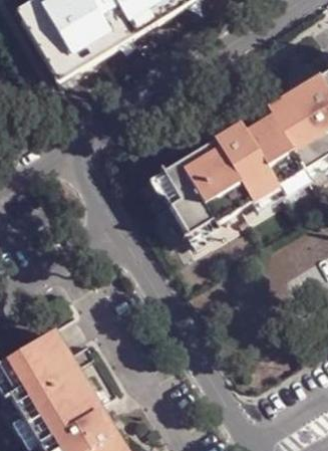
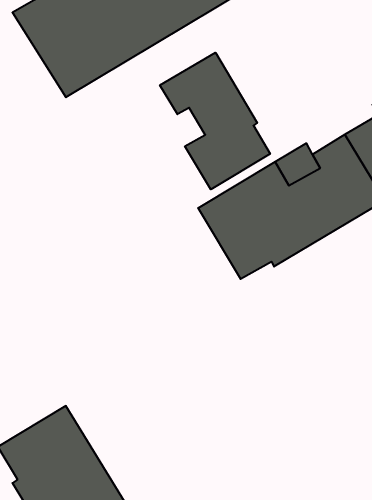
building: none -> [160,53,270,189]

